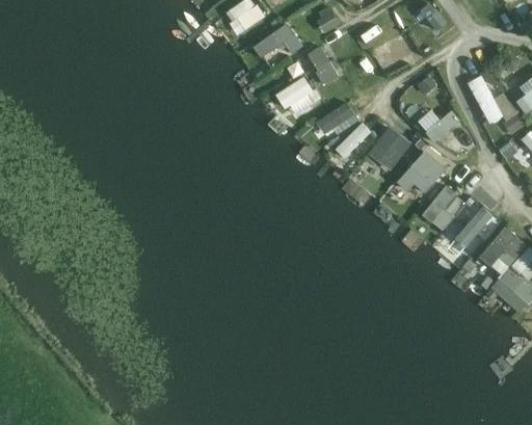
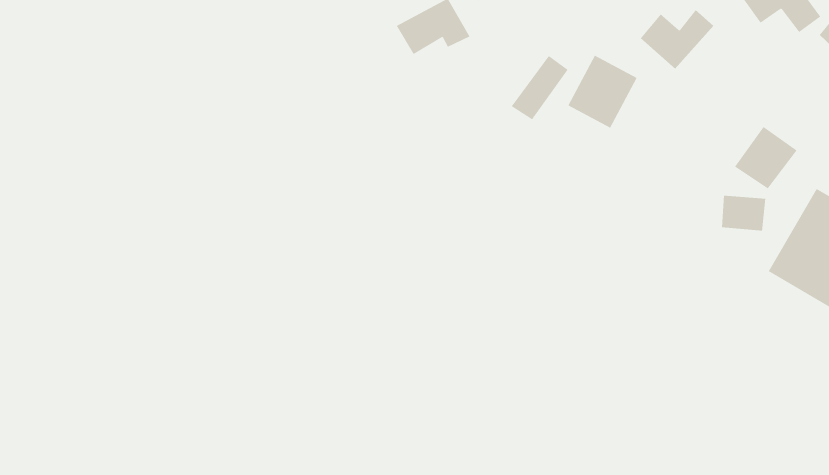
building: [315,102,358,139] -> none
building: [396,151,447,194] -> none
building: [422,186,466,230] -> none

